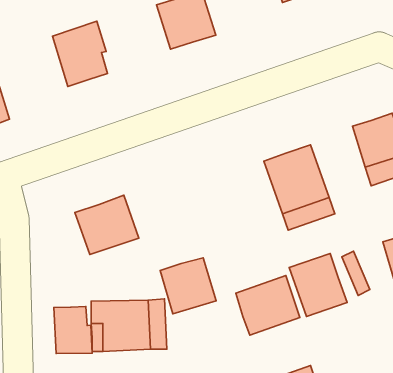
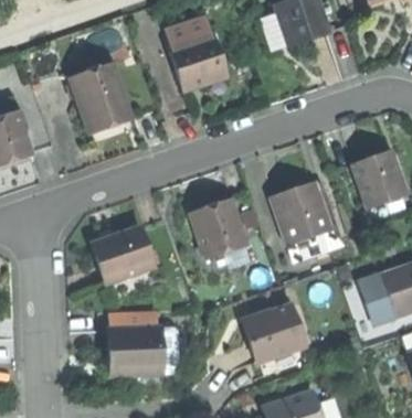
building: [289,254,347,316] -> none
building: [160,258,216,314] -> [193,205,246,258]
building: [54,307,92,354] -> none

